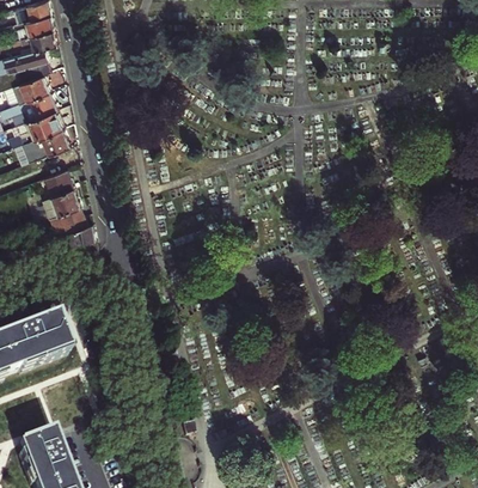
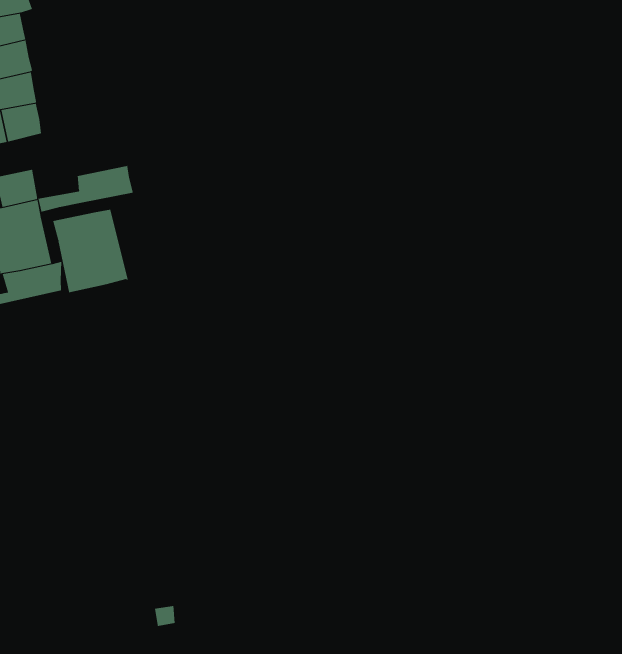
building: none -> [38,165,134,212]
building: none -> [53,209,129,293]

